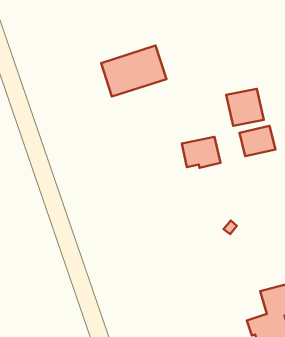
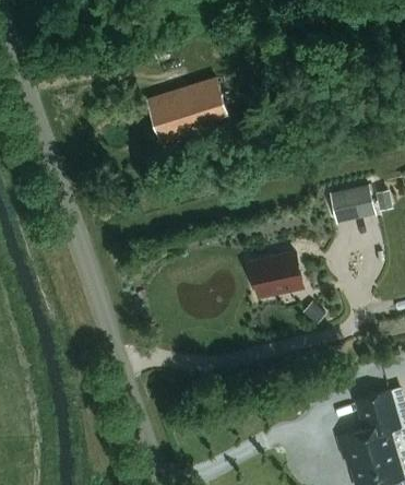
building: [226,89,264,126] -> none
building: [182,137,220,168] -> [252,251,302,292]

